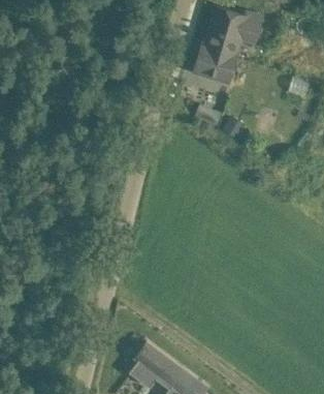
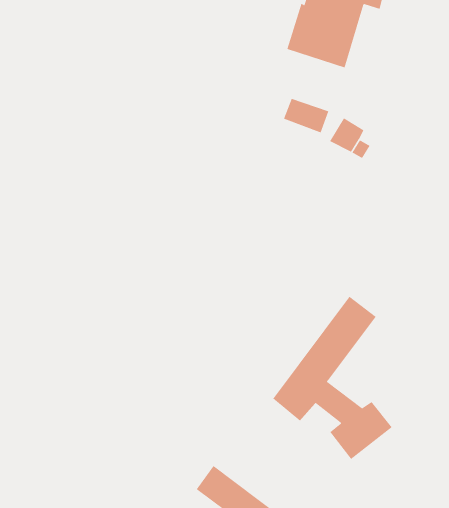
building: none -> [272,296,393,460]

